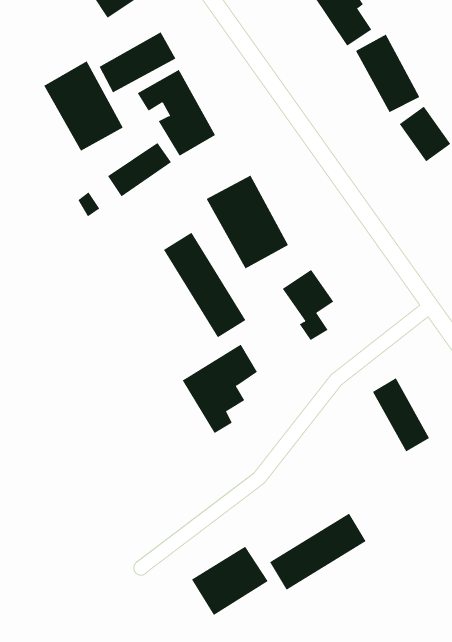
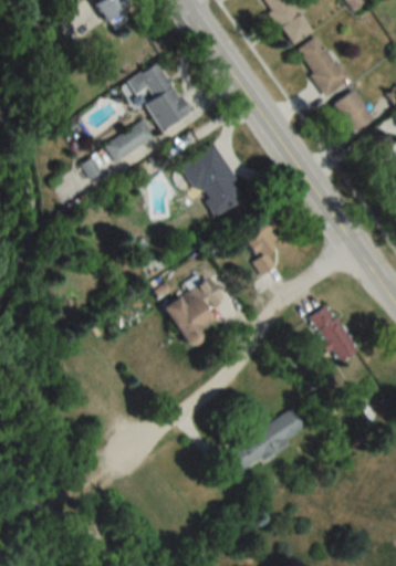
building: [99,31,176,93] -> none
building: [43,60,123,151] -> none
building: [163,232,246,338] -> none
building: [191,546,268,616] -> none

